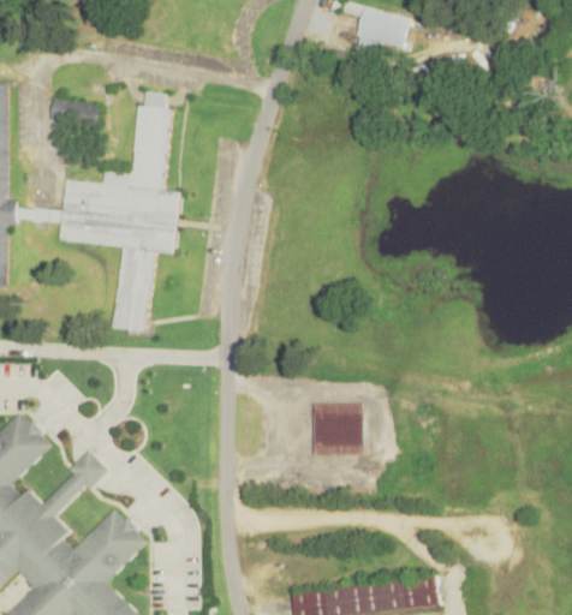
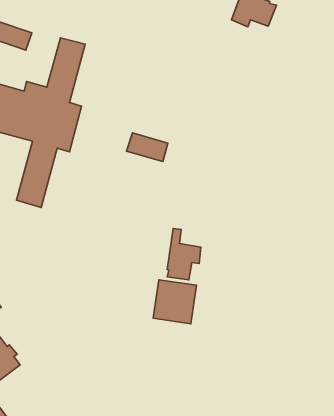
building: none -> [127,133,168,162]
building: none -> [167,228,201,280]

